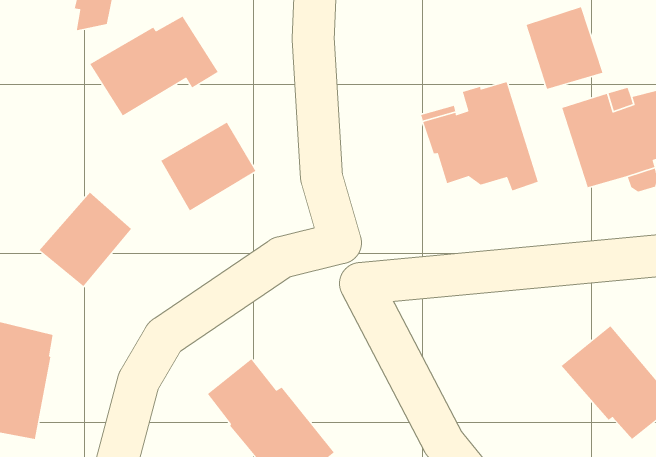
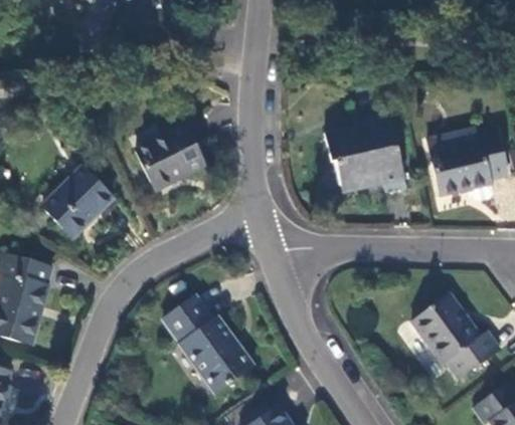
building: [526,6,603,90] -> none
building: [89,16,219,117] -> none

